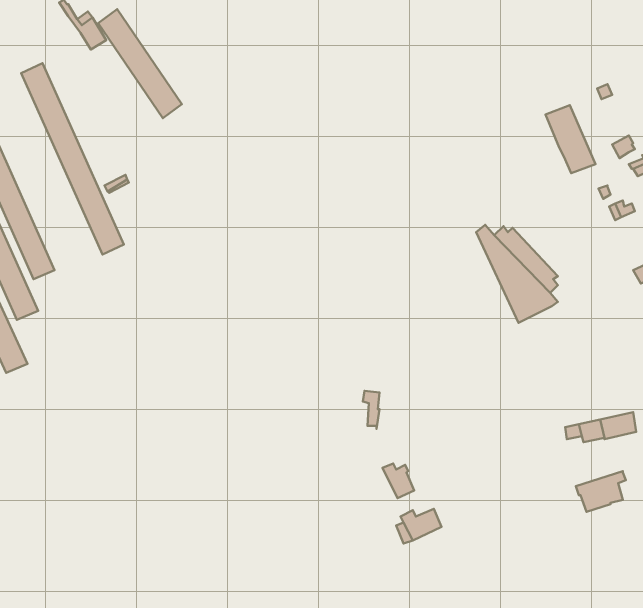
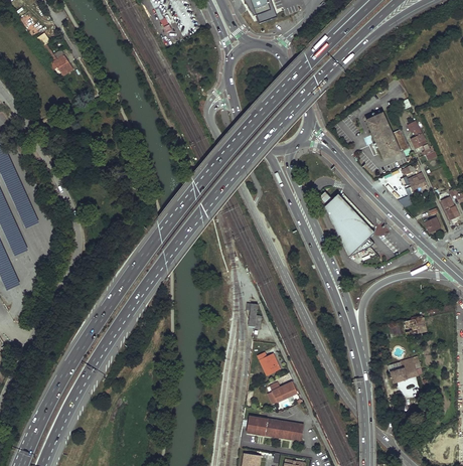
building: [98,9,182,118] -> none
building: [21,63,124,255] -> none
building: none -> [246,416,303,441]

